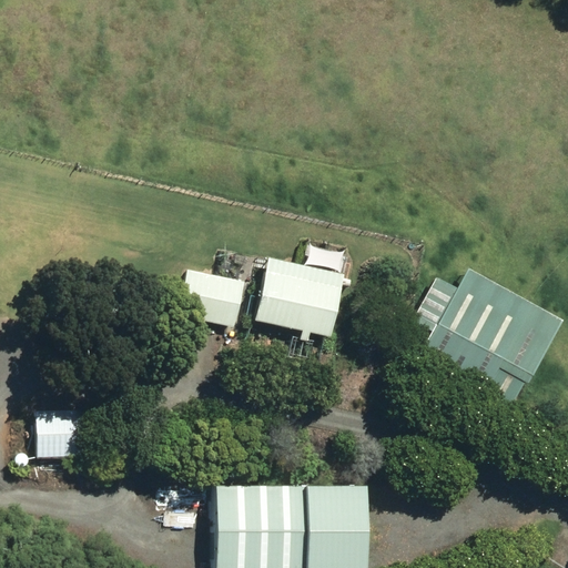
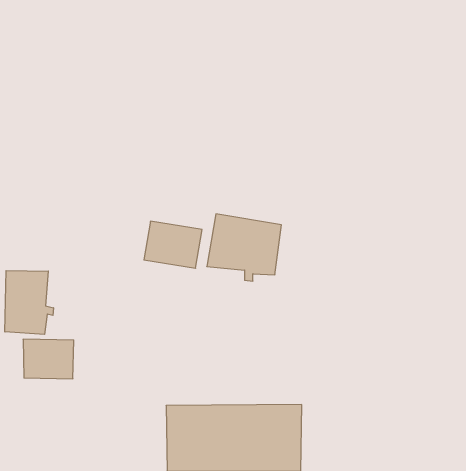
building: [414,273,561,410] -> none
building: none -> [5,271,53,334]

